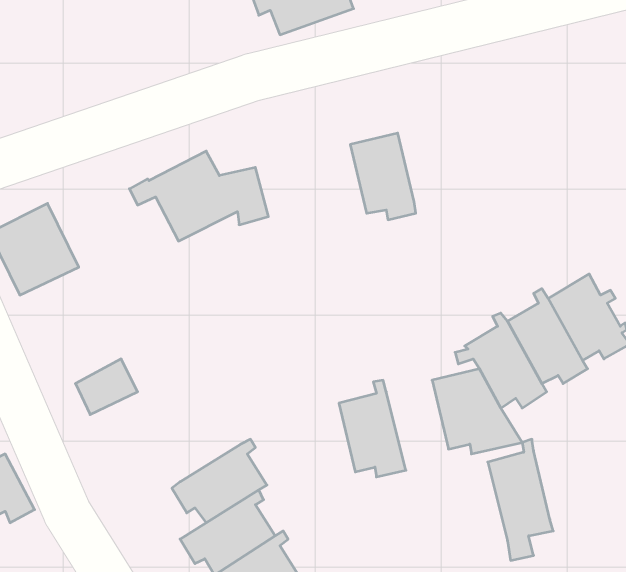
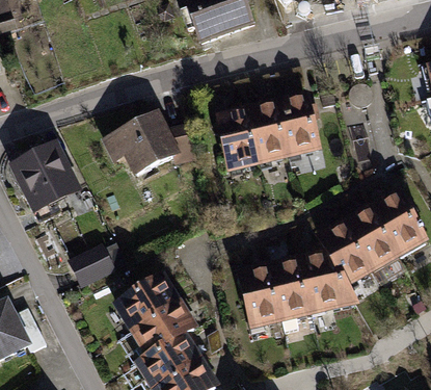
building: none -> [276,97,318,152]
building: none -> [217,111,259,165]
building: none -> [116,276,177,326]
building: [488,439,553,560] -> [269,254,311,331]

